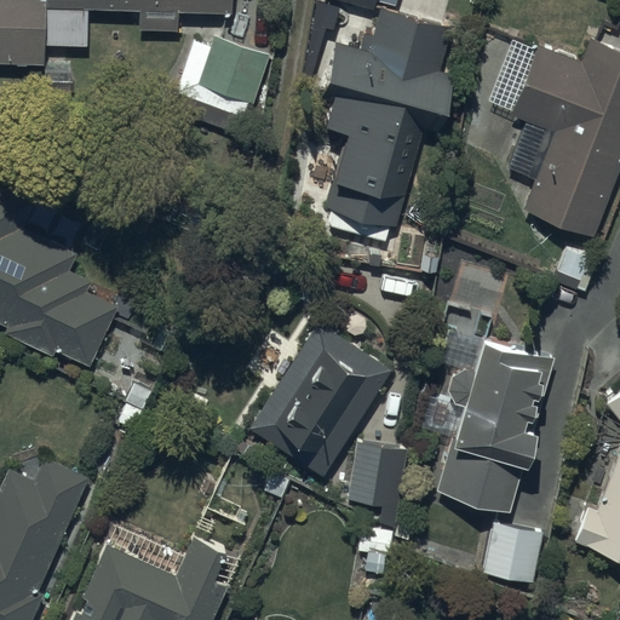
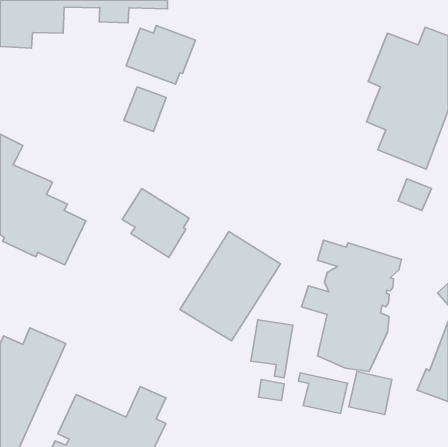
building: [321,10,453,240] -> none
building: none -> [124,87,166,131]
building: none -> [122,188,189,257]
building: none -> [299,373,348,413]

